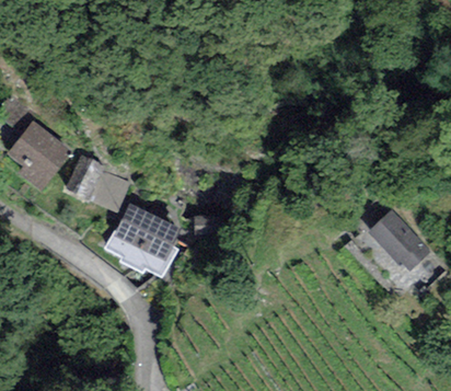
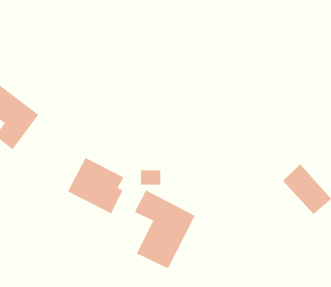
building: [71,164,129,216] -> none
building: none -> [134,190,196,269]

